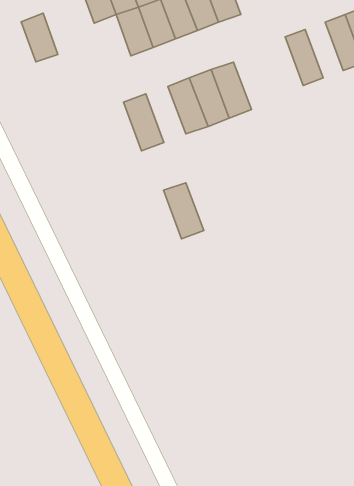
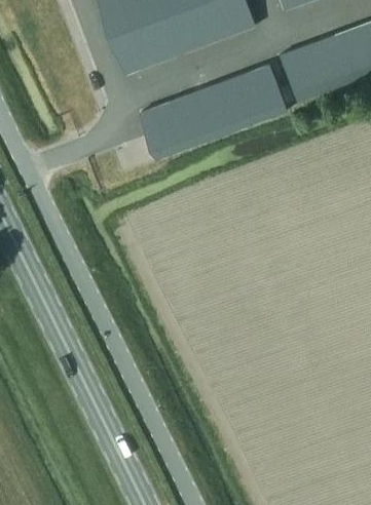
building: [21,13,58,62] -> [112,26,148,73]
building: none -> [318,33,355,87]
building: none -> [279,47,316,102]
building: none -> [248,64,287,118]
building: [164,183,204,239] -> [162,95,201,150]

